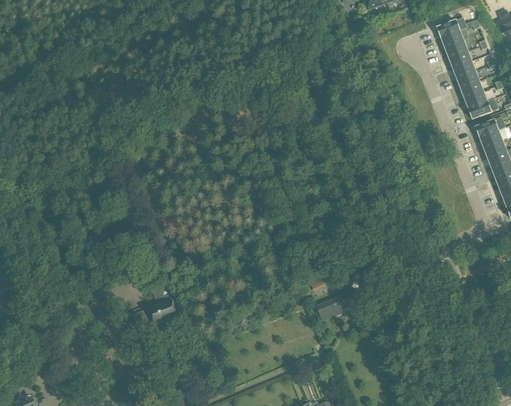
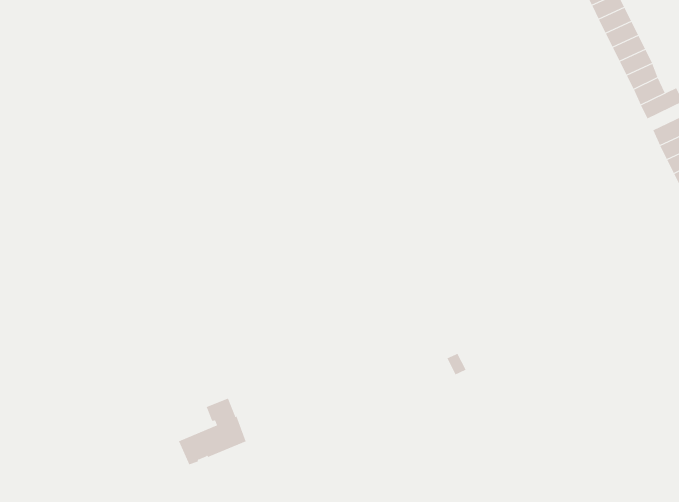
building: [317,289,363,320] -> none

